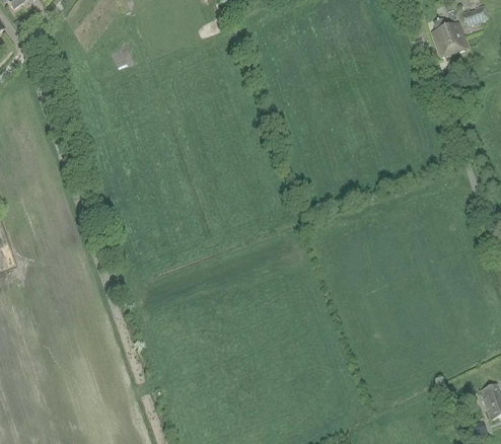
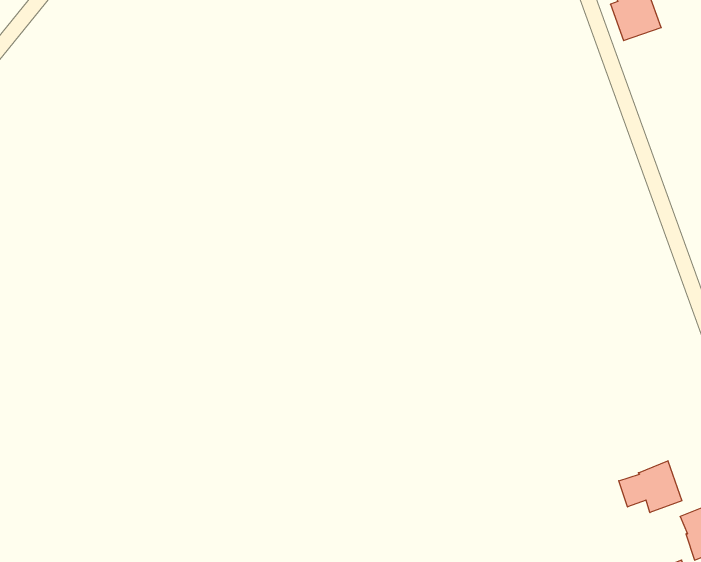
building: none -> [619,461,682,513]

